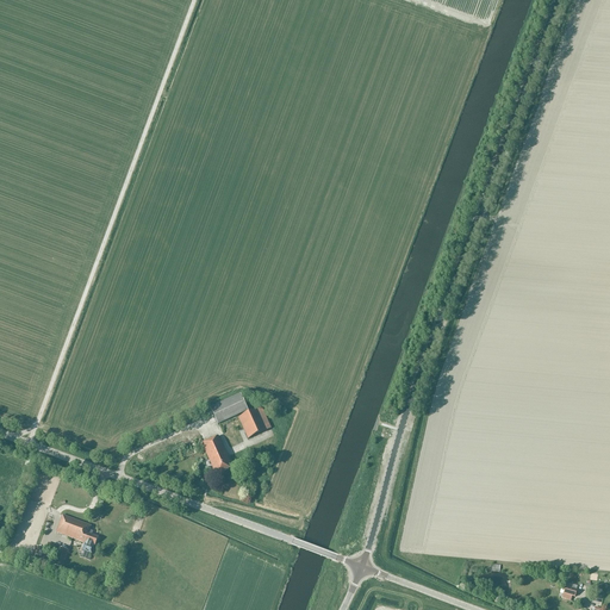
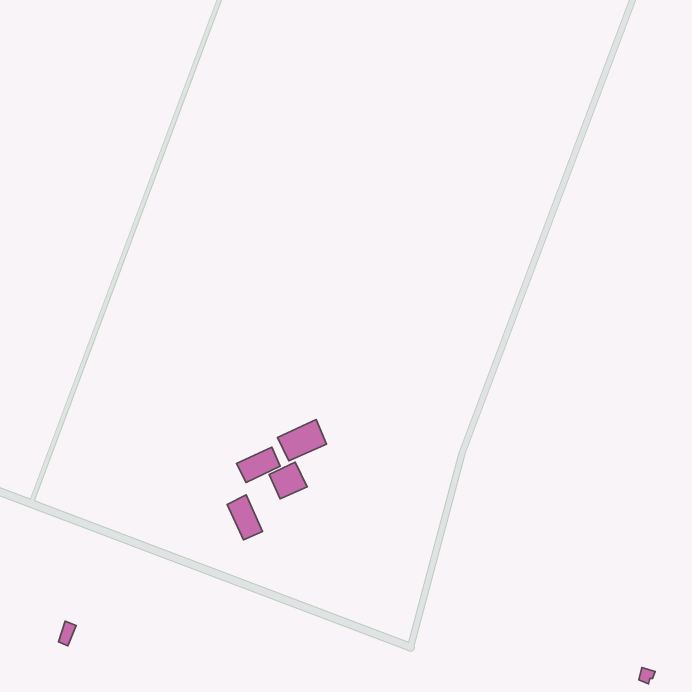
building: none -> [277,420,327,461]
building: [54,513,95,553] -> none

